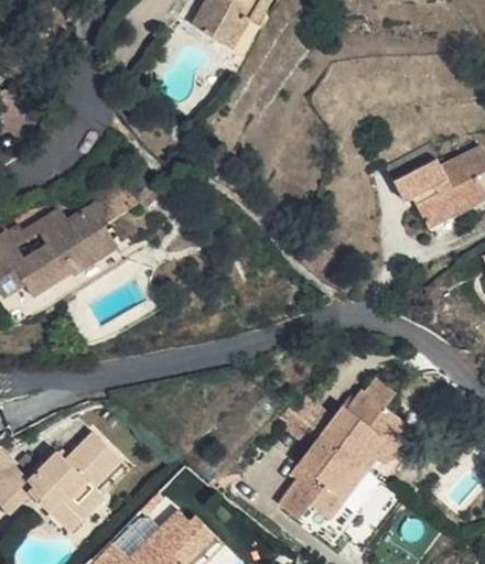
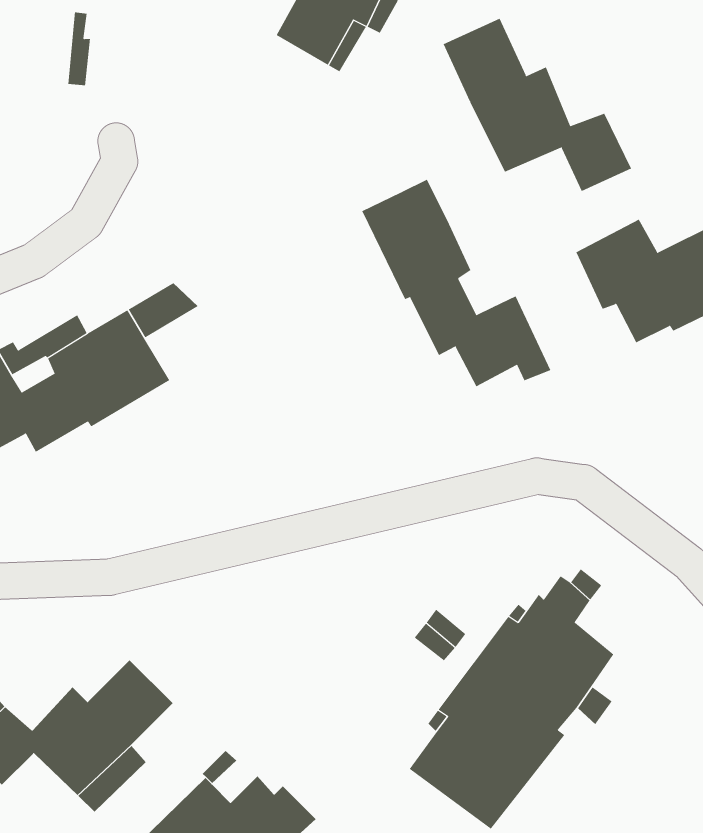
building: none -> [443,18,632,192]
building: none -> [362,179,551,387]

